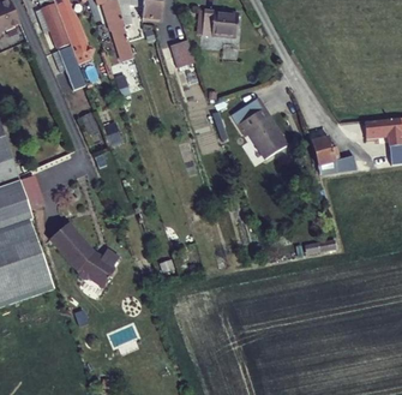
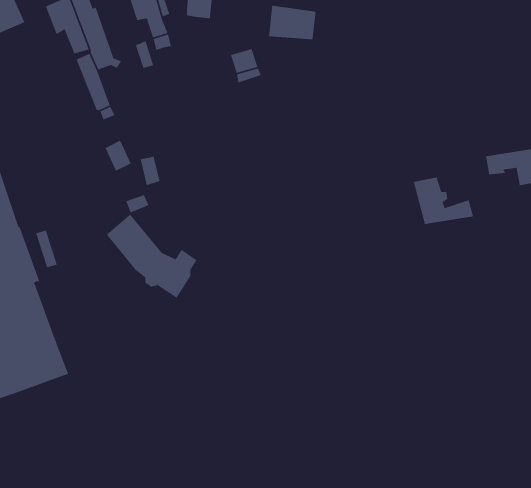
building: [233,96,289,157] -> none
building: [50,222,119,286] -> [106,214,198,299]

